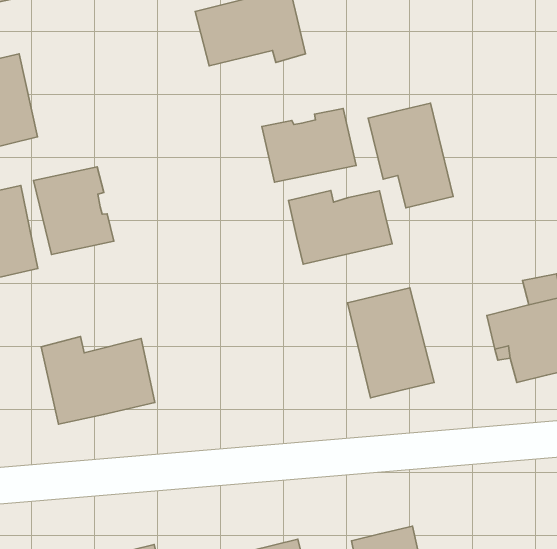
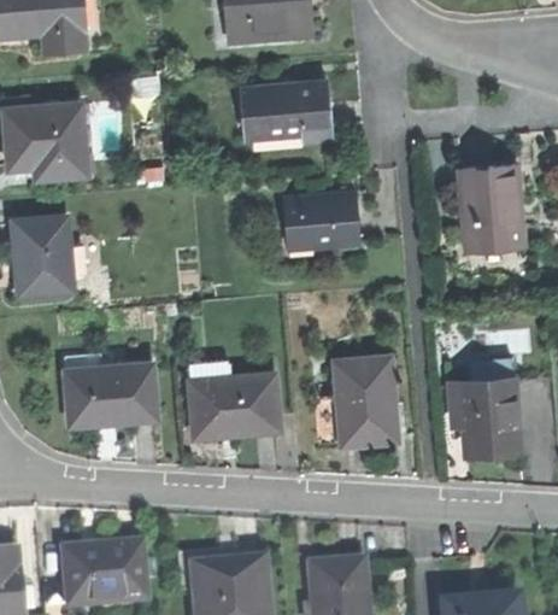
building: [368,103,453,208] -> [459,164,522,251]
building: [33,167,114,255] -> none
building: [288,191,392,264] -> none
building: none -> [183,374,277,433]

